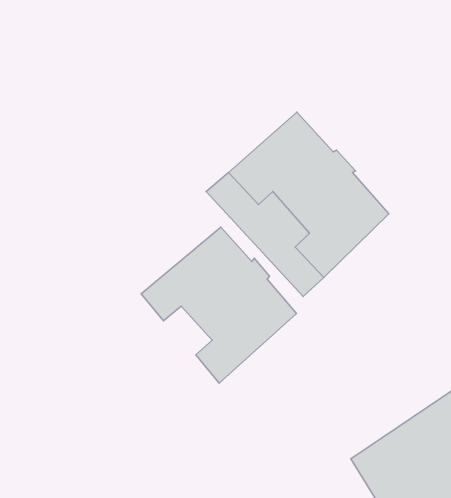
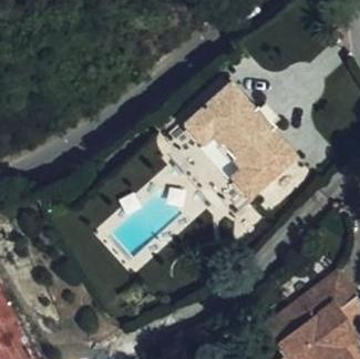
building: [141,227,297,383] -> none

